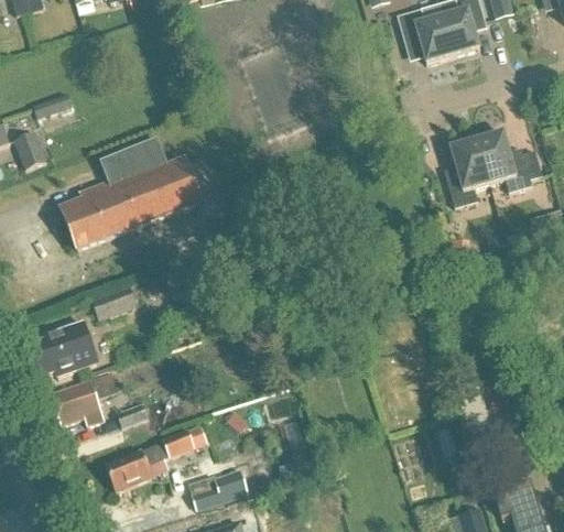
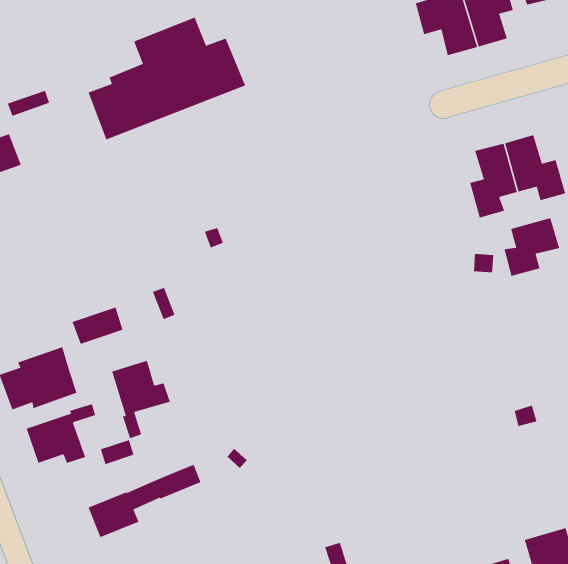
building: [61,139,202,249] -> [87,16,246,140]
building: none -> [503,217,560,277]
building: none -> [110,360,171,439]
building: [193,470,247,507] -> none

